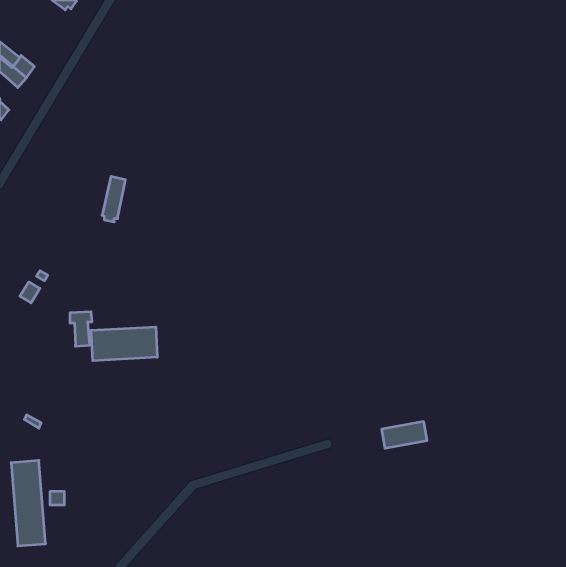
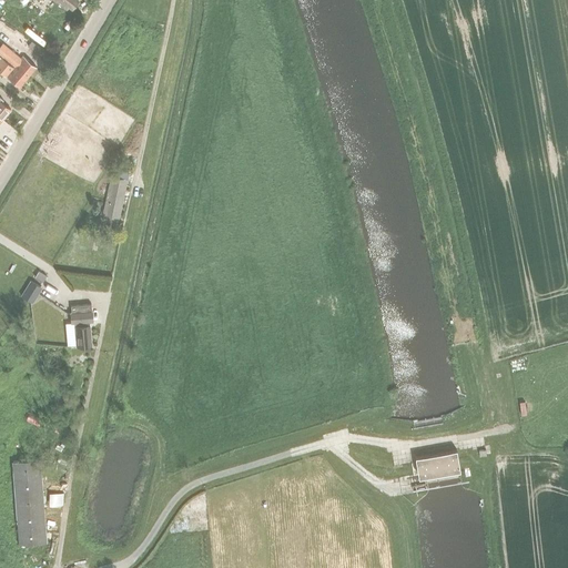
building: [91,327,157,361] -> none
building: [382,422,427,448] -> [414,450,459,477]

